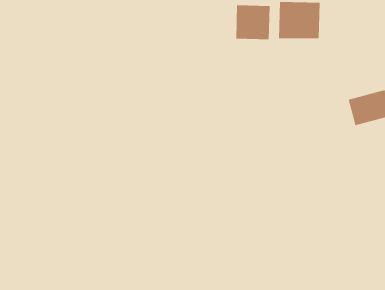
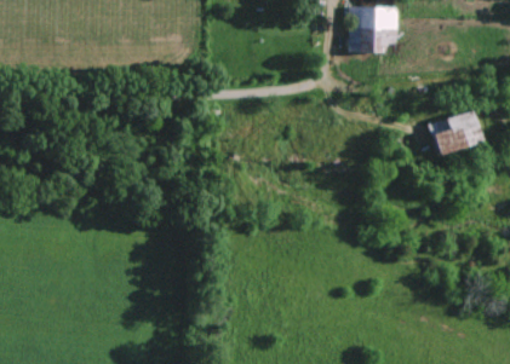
building: [236,5,270,40] -> none

